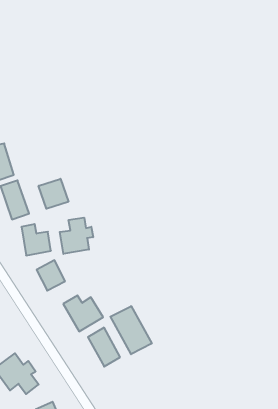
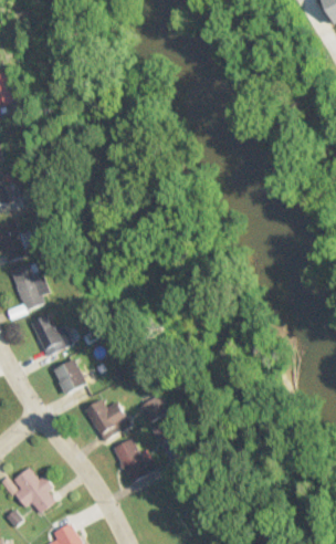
building: [39,179,68,209] -> none
building: [60,218,93,254] -> none
building: [110,306,152,354] -> none

